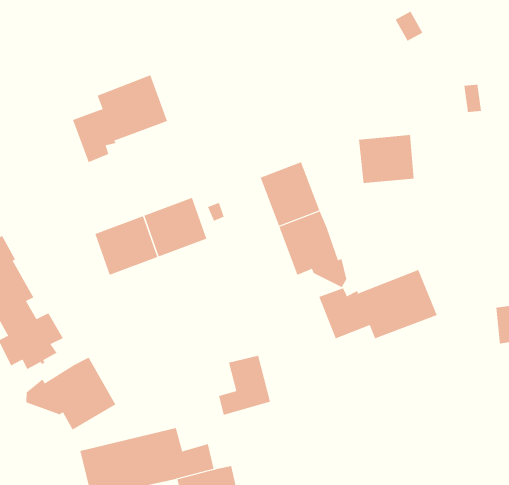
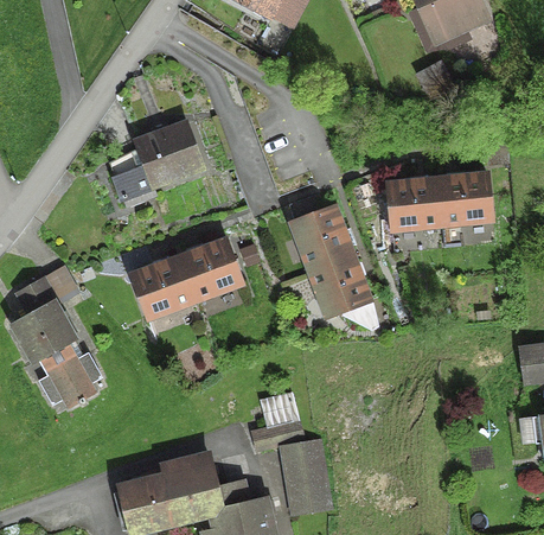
building: none -> [437,174,492,222]
building: [319,269,437,339] -> none
building: [26,357,116,431] -> none
building: none -> [282,440,328,511]

